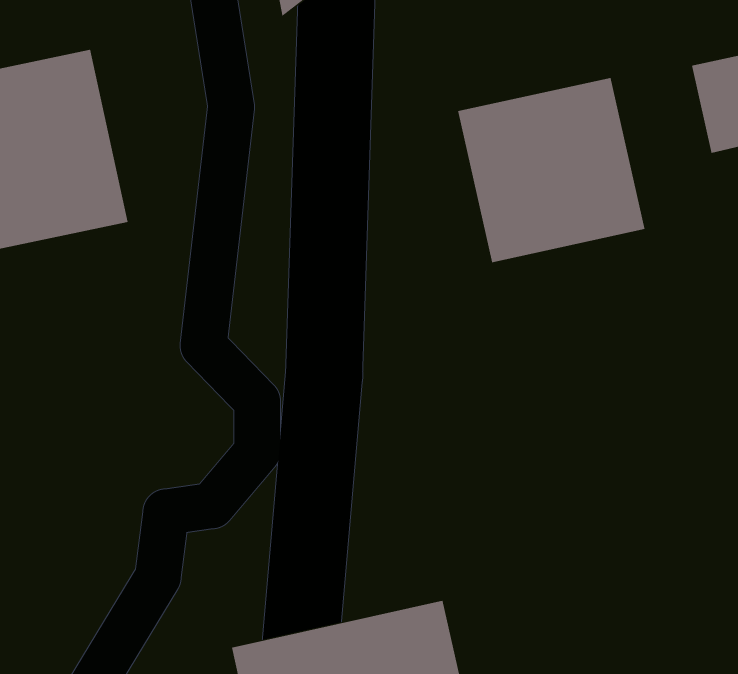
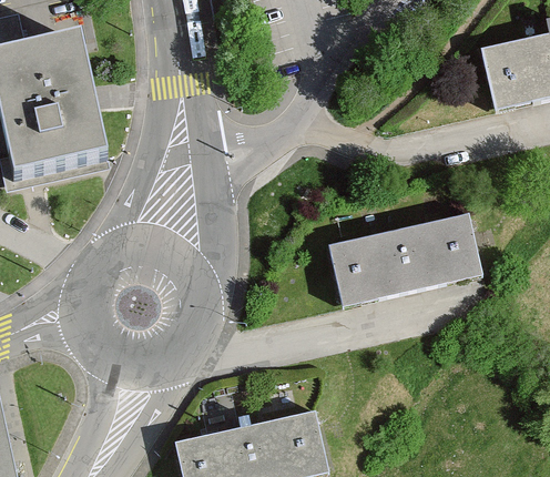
building: [457,77,645,263] -> none
building: none -> [330,213,479,303]

